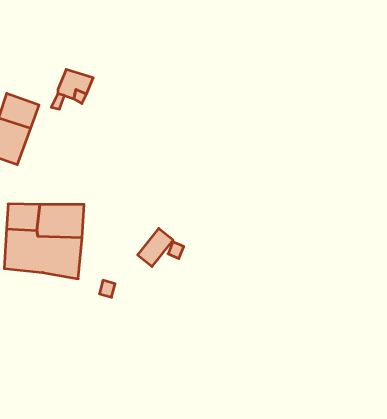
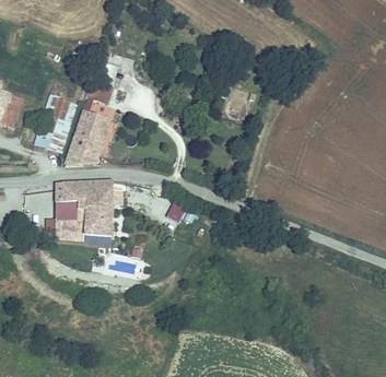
building: none -> [67,108,109,165]

